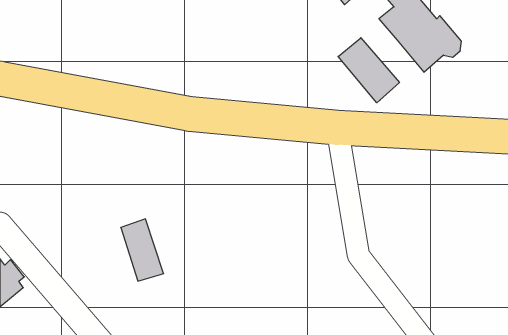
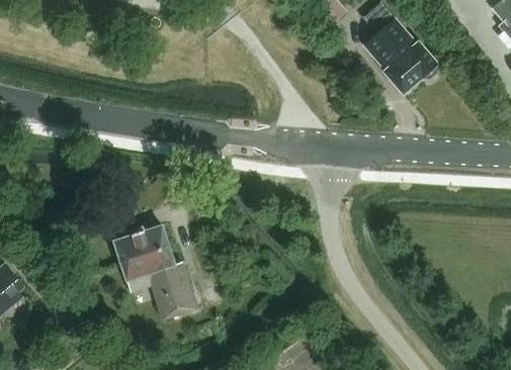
building: [338,38,399,103] -> none
building: none -> [139,223,198,318]

